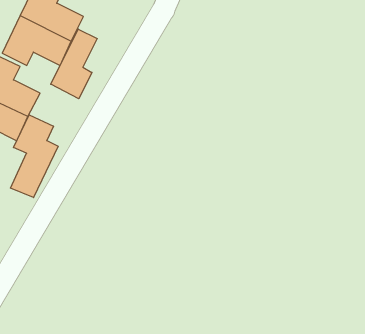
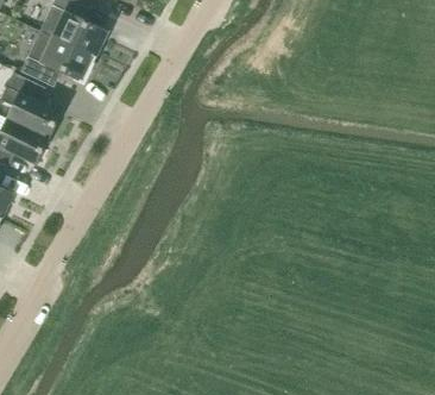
building: [51,29,97,99] -> none
building: [11,115,58,198] -> none

